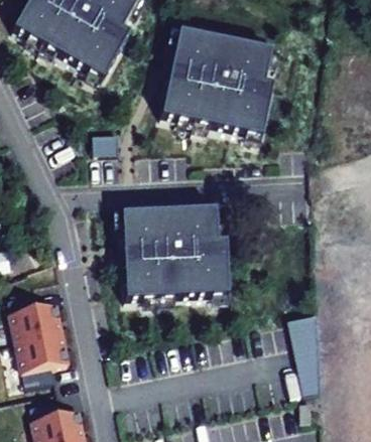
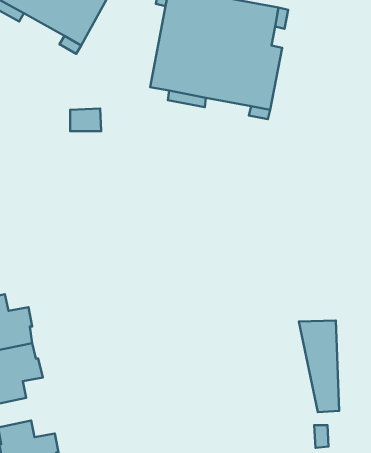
building: [114,202,231,303] -> none

